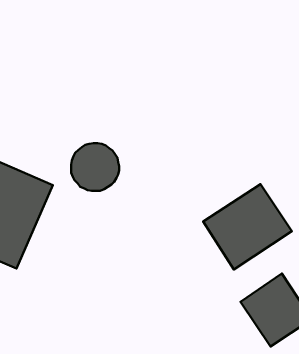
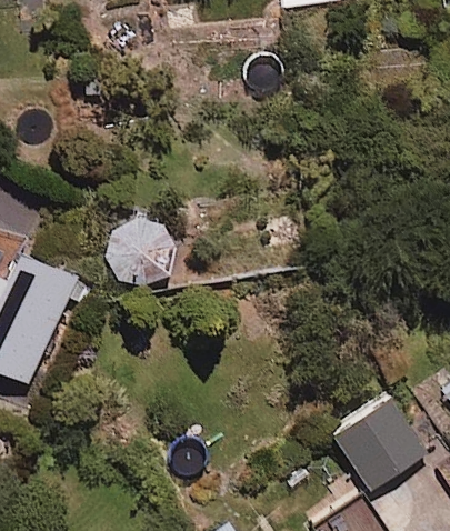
building: [203,184,292,270] -> none

